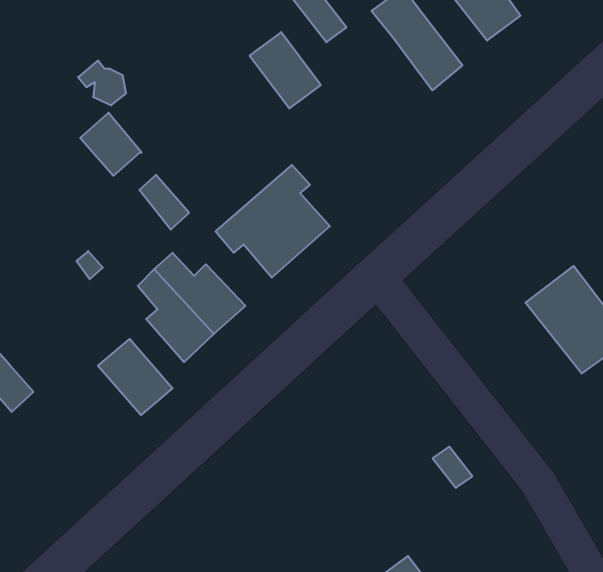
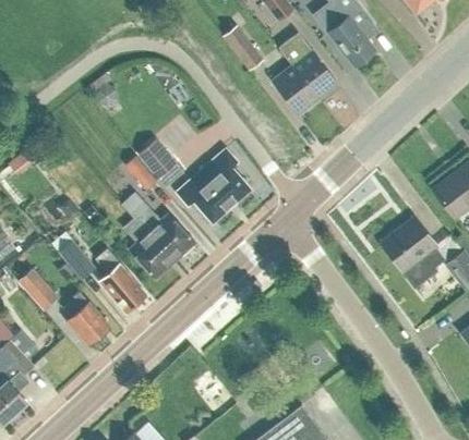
building: [250,32,321,108] -> [272,65,318,115]
building: [80,113,142,176] -> [137,138,178,180]
building: none -> [58,240,96,281]
building: none -> [67,292,109,344]

